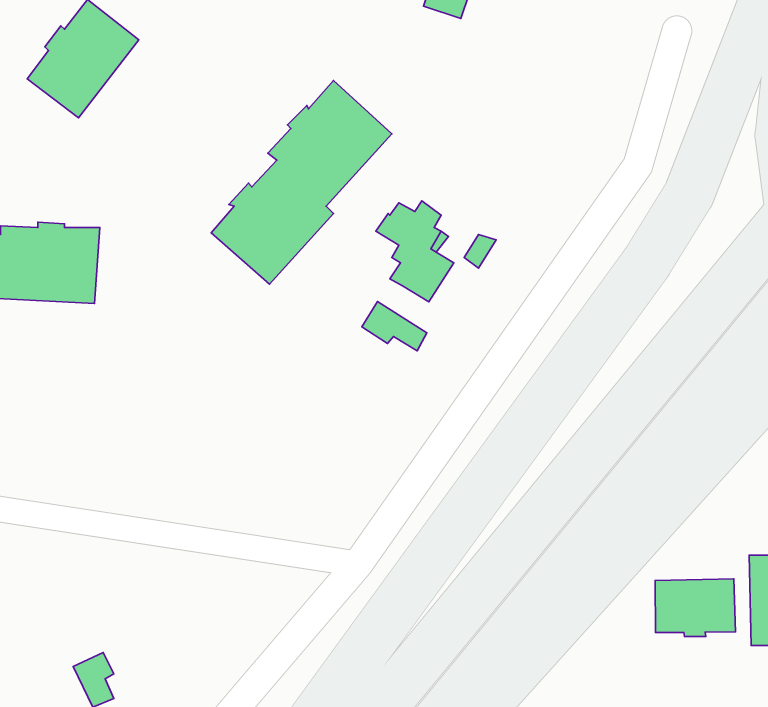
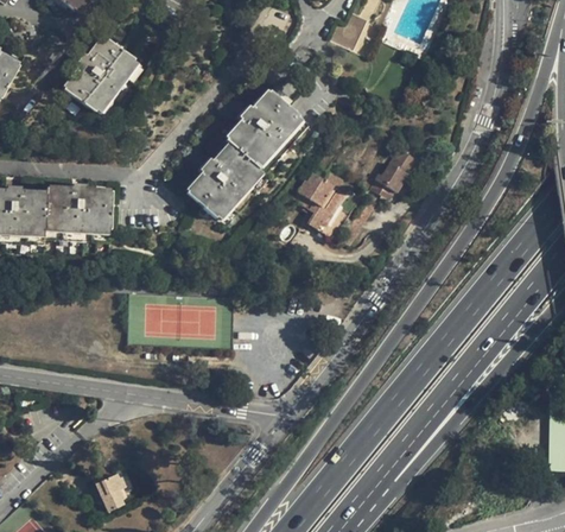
building: none -> [370,146,418,191]
building: [362,301,427,351] -> none
building: [655,579,736,636] -> none

